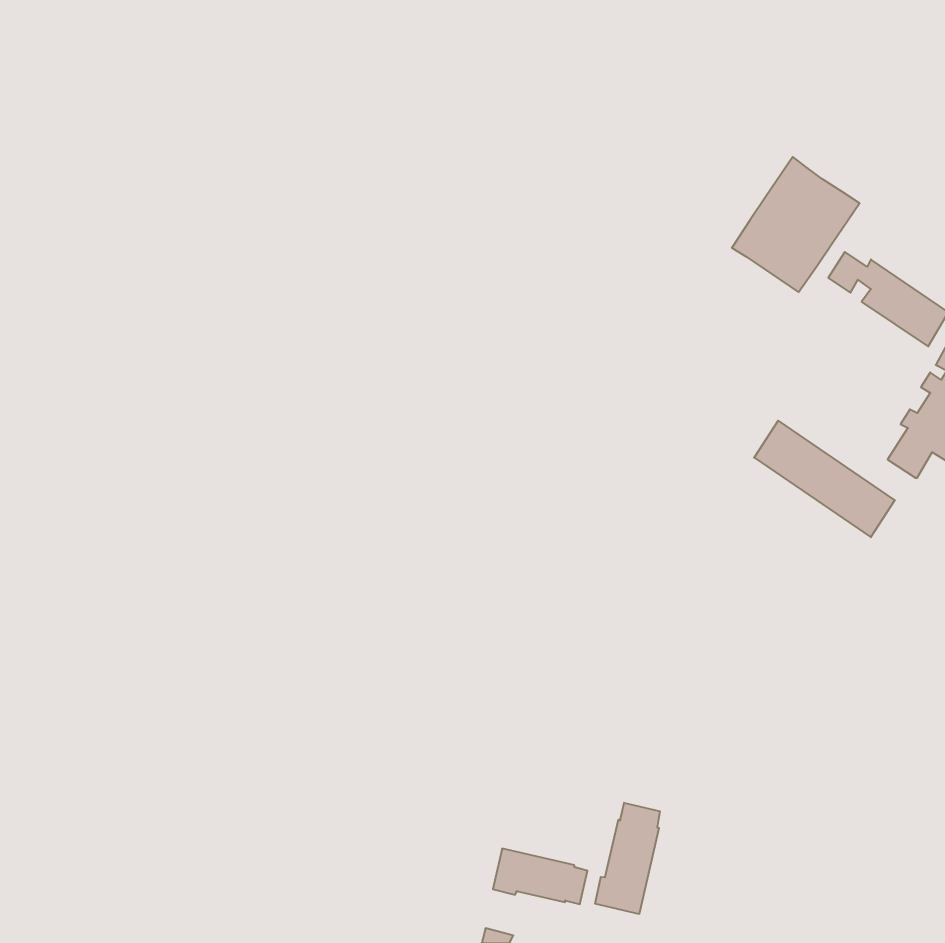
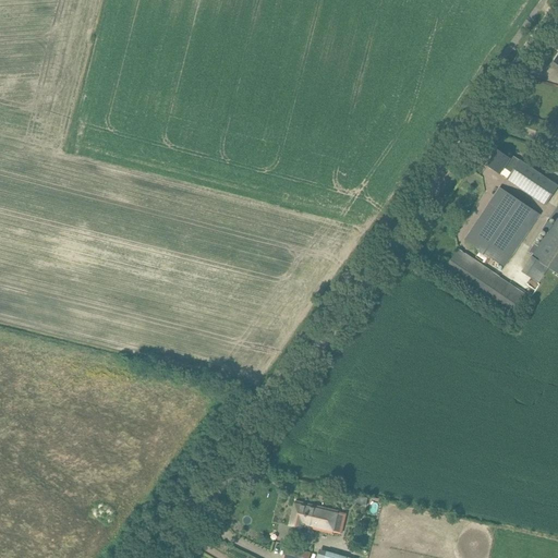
building: [732,157,860,292] -> [465,185,541,265]
building: [595,803,660,914] -> none

